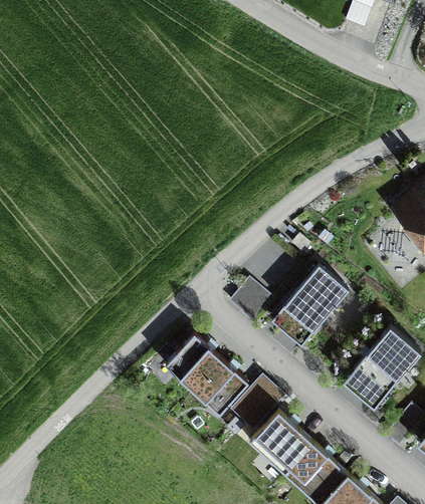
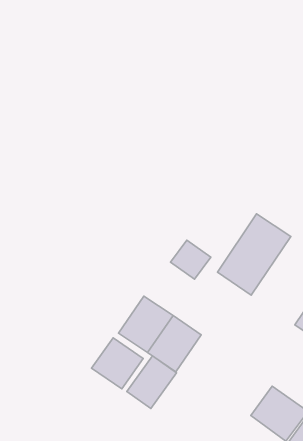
building: none -> [92,338,143,389]
building: [228,383,280,436] -> [127,356,176,409]
building: [255,412,313,469] -> none

